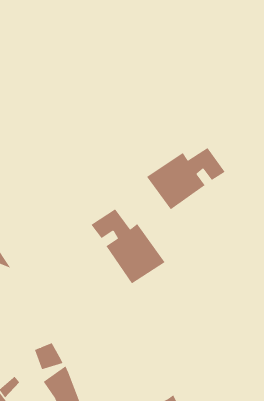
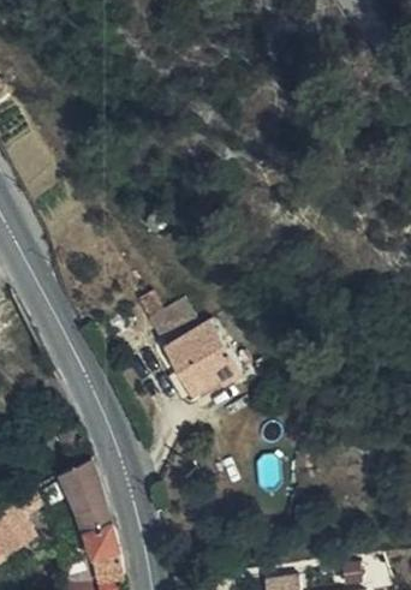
building: [146,147,226,210] -> none

